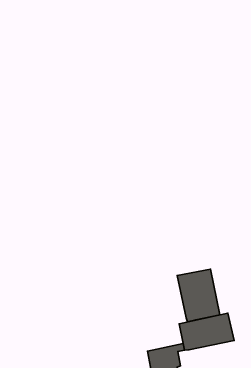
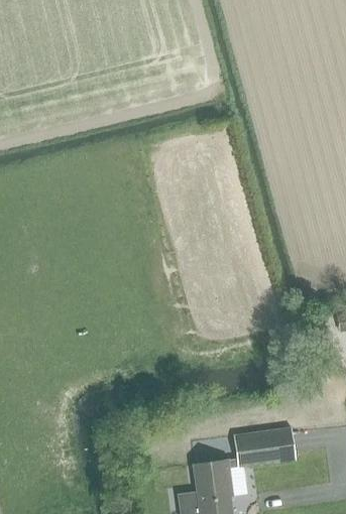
building: [177,269,220,322] -> none

